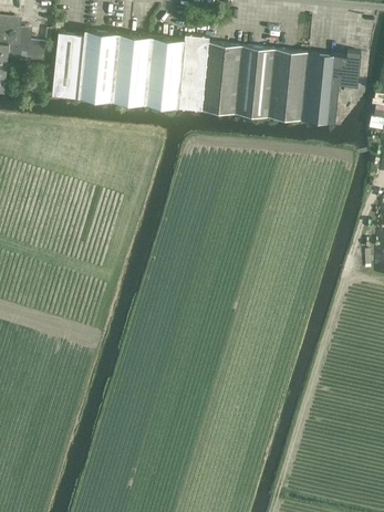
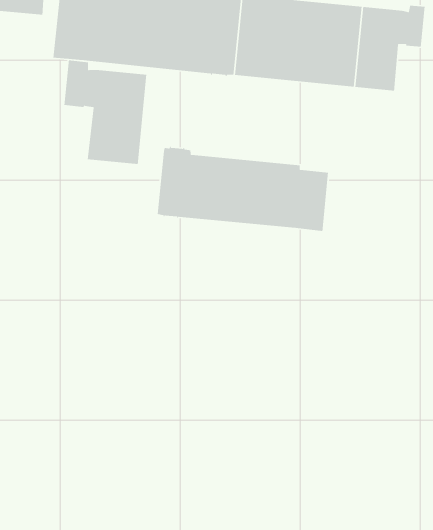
building: none -> [64,60,147,165]
building: none -> [157,146,329,232]

